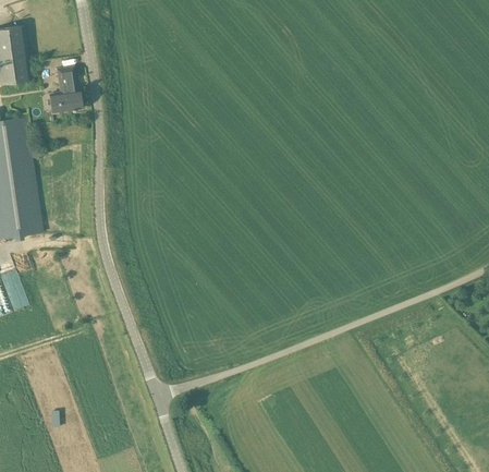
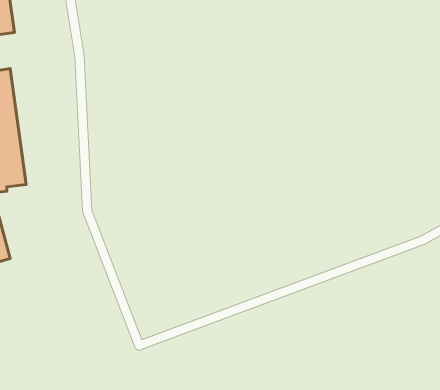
building: [48,66,81,112] -> none

